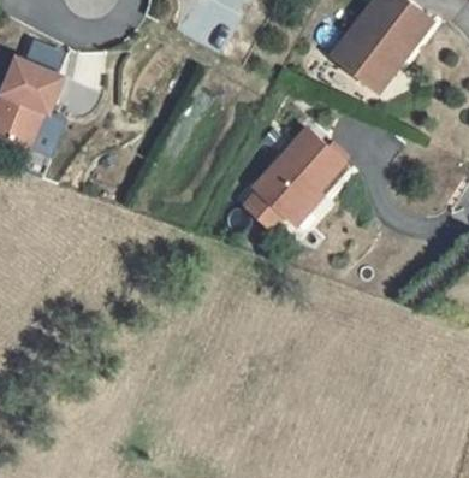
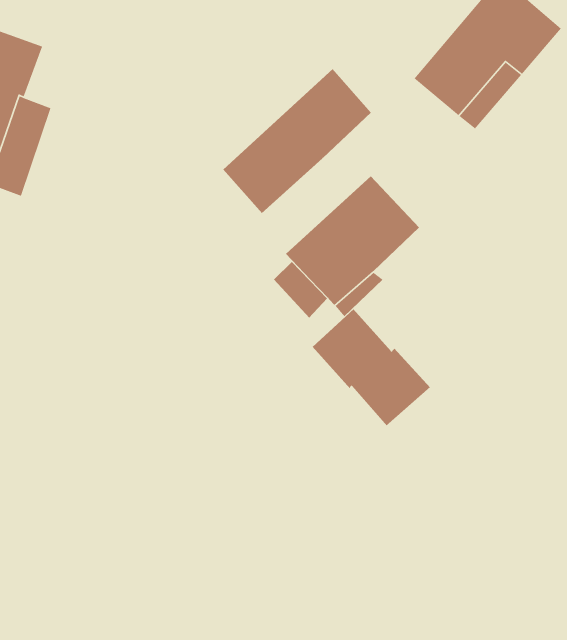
building: none -> [223,68,372,214]
building: none -> [312,309,431,427]

